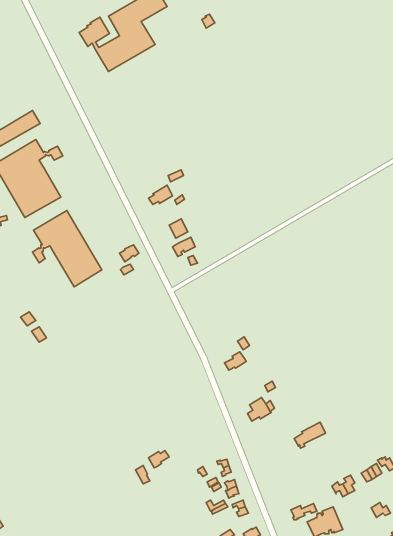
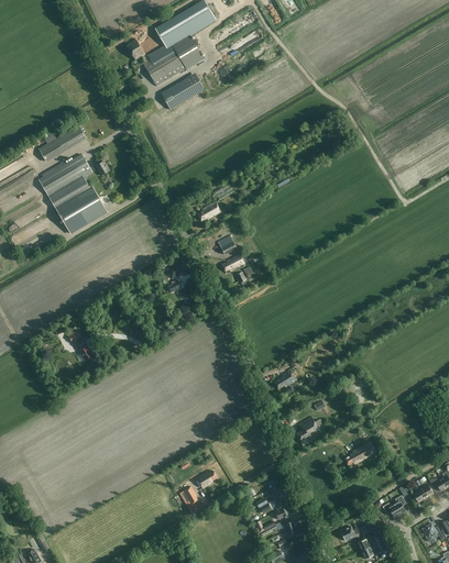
building: none -> [160,74,204,110]
building: [33,211,102,287] -> none

